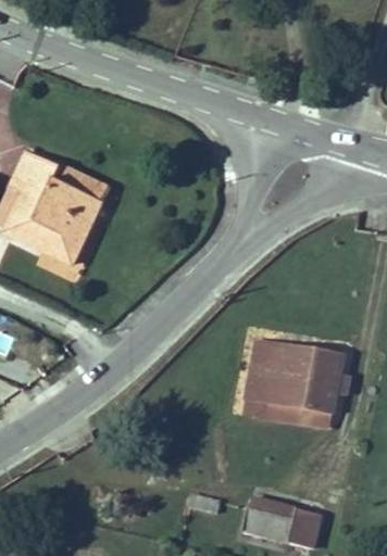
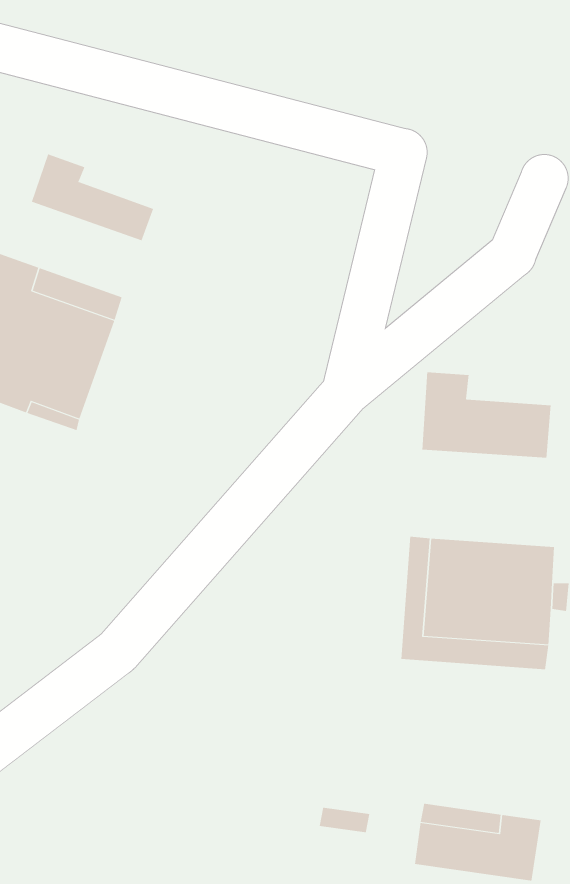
building: none -> [31,153,154,241]
building: none -> [422,371,551,459]

